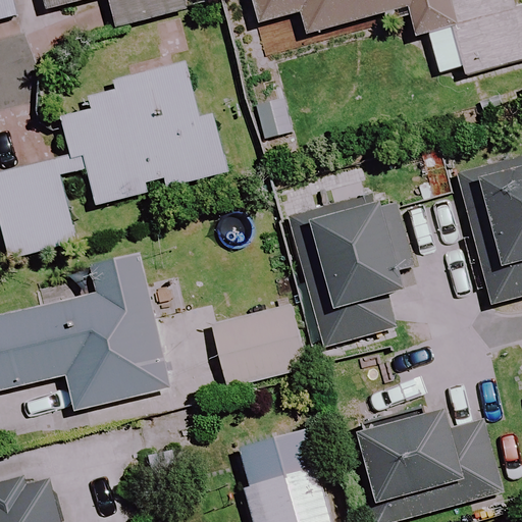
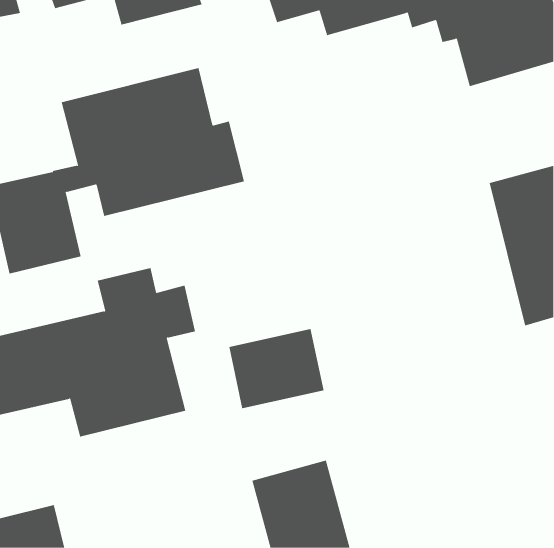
building: [294,201,427,355] -> none
building: [358,407,500,505] -> none

